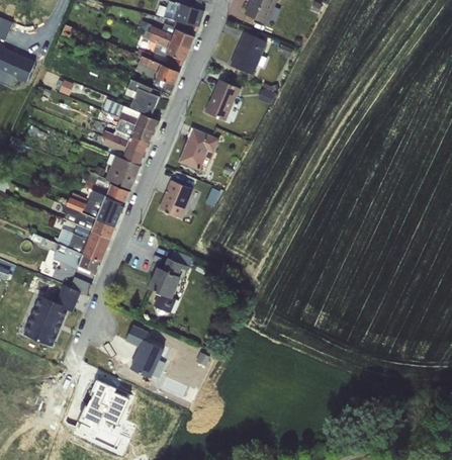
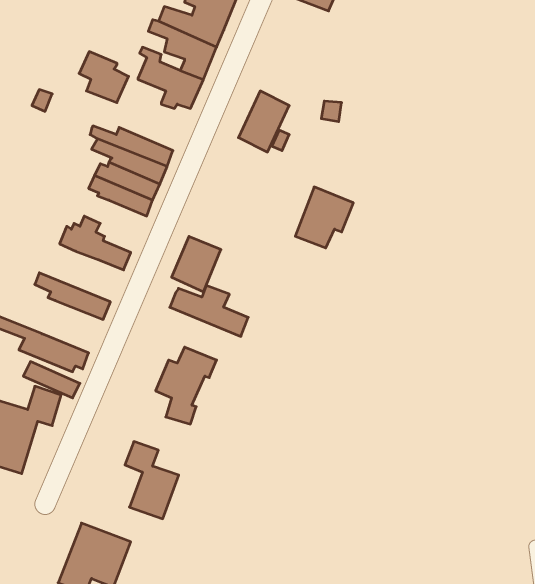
building: [230,31,267,75] -> none
building: [124,79,159,114] -> [79,52,129,103]
building: [178,127,218,170] -> [295,187,353,248]
building: [105,155,141,188] -> none
building: [66,190,120,225] -> [170,285,248,336]
building: [57,224,110,261] -> none

